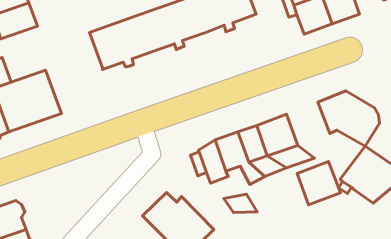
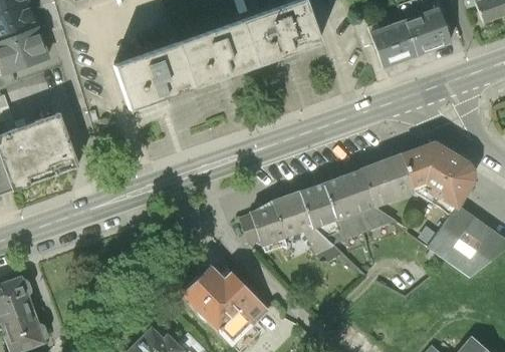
building: [297,161,340,205] -> [360,151,415,206]
building: [224,194,257,213] -> none

